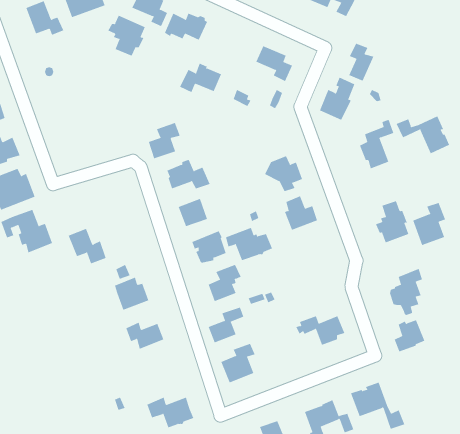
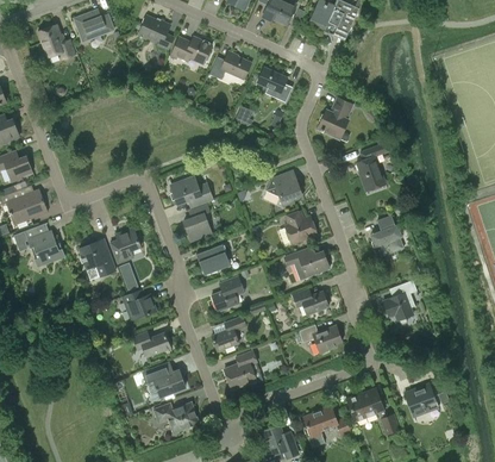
building: [108,15,145,57] -> none
building: [349,43,374,82] -> none
building: [179,63,222,93] -> [209,51,250,80]
building: [396,116,450,154] -> none
building: [148,122,181,159] -> none
building: [413,202,446,246] -> none
building: none -> [111,227,140,263]
building: [225,227,273,261] -> [284,248,330,280]
building: none -> [293,289,328,314]
building: [394,319,425,352] -> [408,386,438,417]
building: none -> [143,366,186,397]

